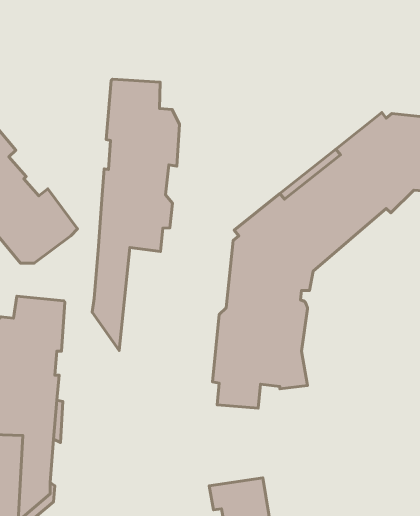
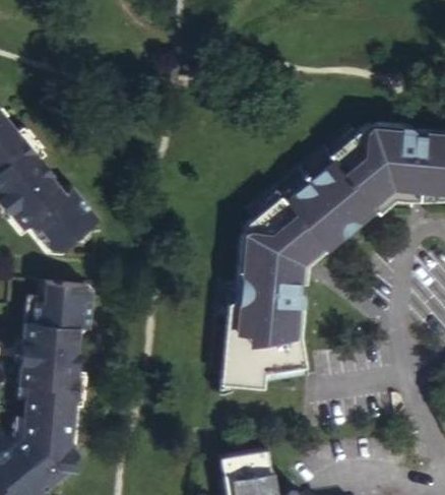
building: [92,79,179,351] -> none

